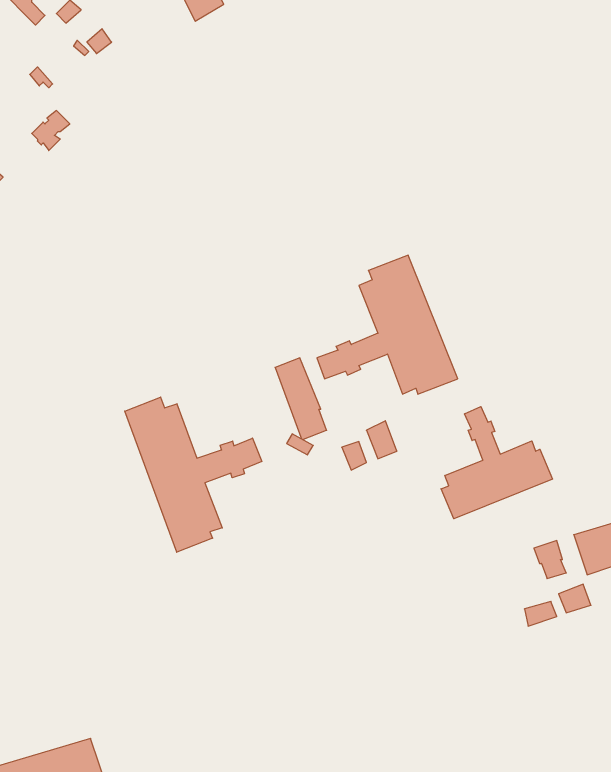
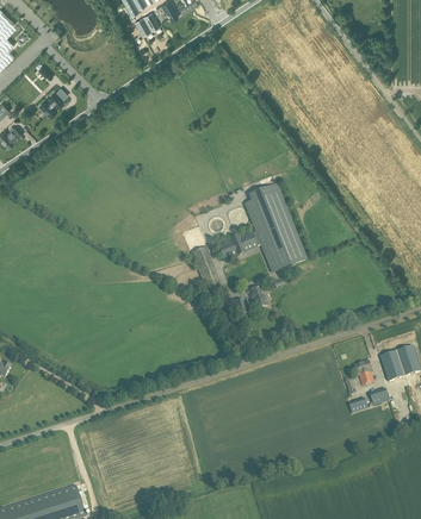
building: [125,397,262,552] -> none
building: [441,407,553,519] -> none

